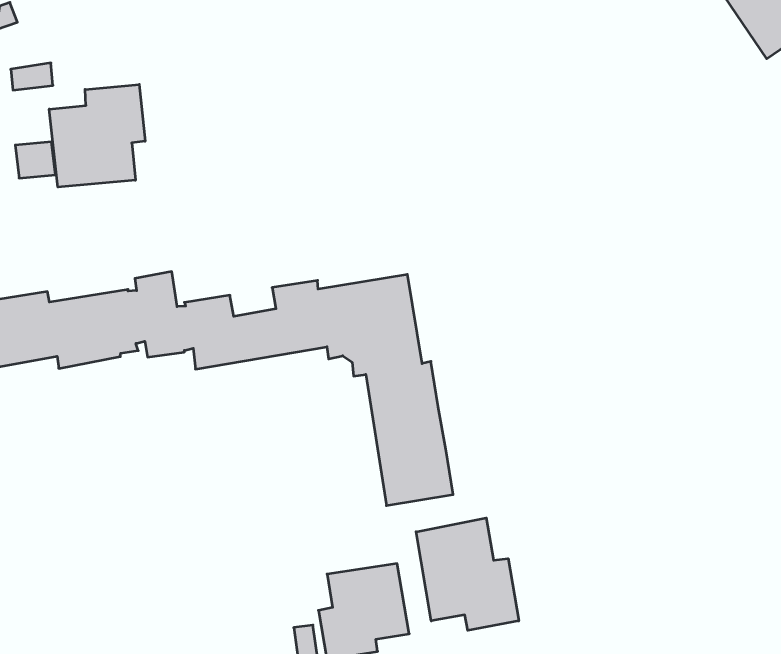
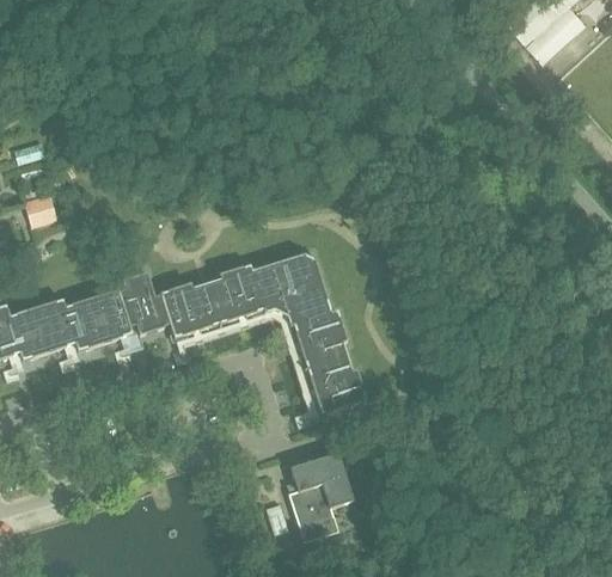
building: [49,84,145,187] -> none
building: [416,518,519,630] -> none

